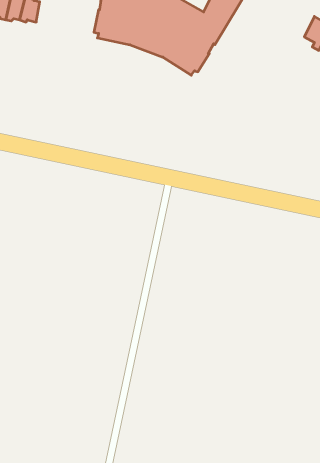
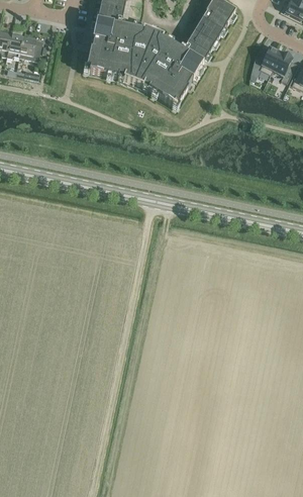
building: none -> [250,45,283,76]

